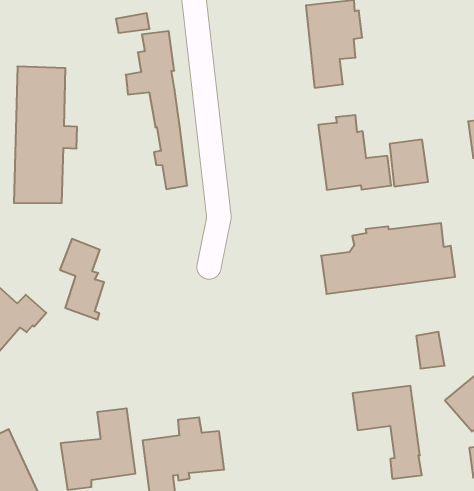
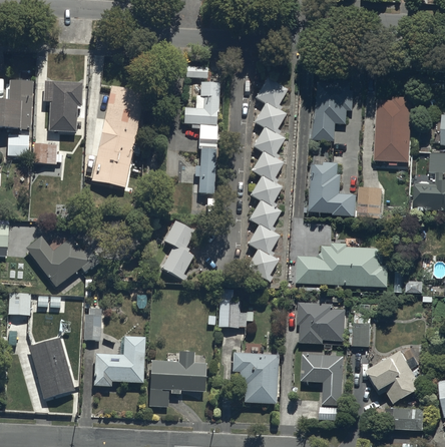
building: none -> [375,96,413,164]
building: none -> [245,75,285,280]
building: [60,239,104,320] -> [162,221,193,281]
building: none -> [298,302,346,343]
building: none -> [217,293,252,328]
building: none -> [83,308,100,341]
building: none -> [233,353,278,404]

